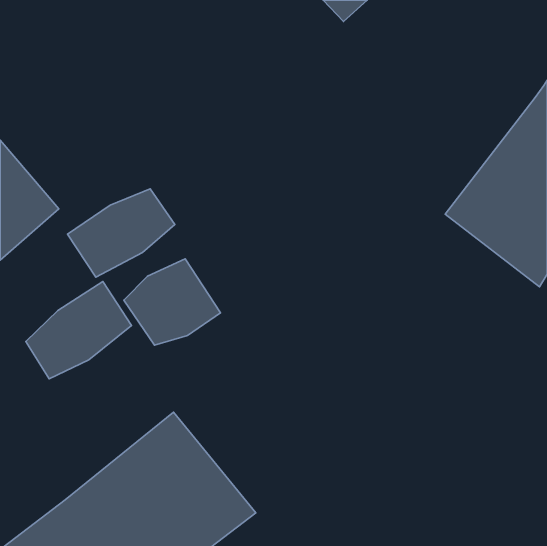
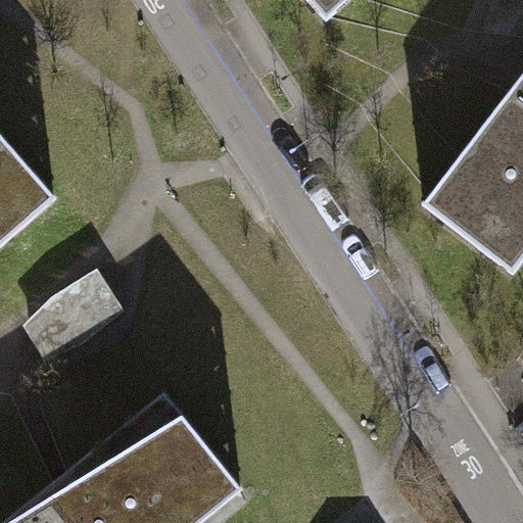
building: [67,189,175,277] -> none
building: [124,259,221,345] -> none

